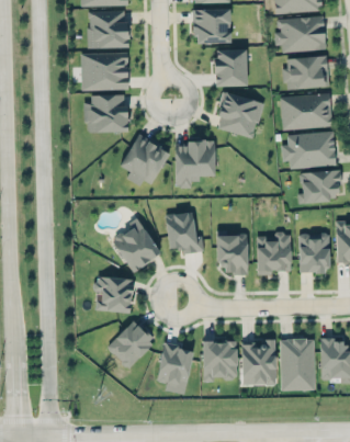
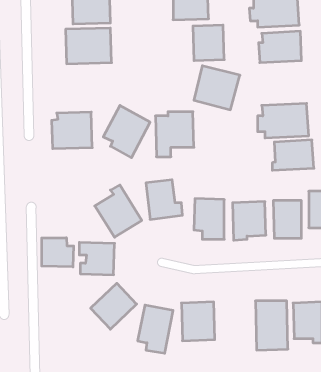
building: [280,93,331,129] -> none
building: [84,94,127,133] -> [52,112,92,149]
building: none -> [42,238,74,267]
building: [240,341,275,385] -> none

